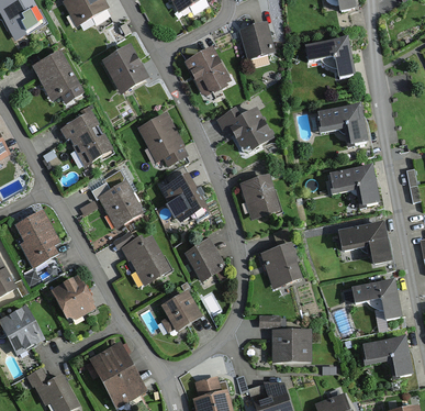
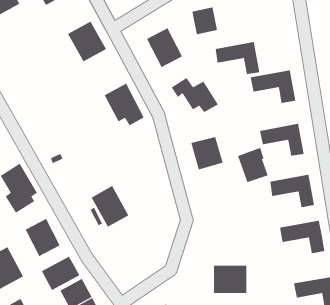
building: [299,34,351,73] -> [215,41,260,74]
building: [33,51,88,104] -> none
building: [64,118,113,171] -> none
building: [165,177,208,223] -> none
building: [104,184,147,227] -> none
building: [186,242,225,284] -> none
building: [260,243,297,285] -> [237,147,268,183]
building: [164,296,202,335] -> none
building: none -> [41,256,80,291]

